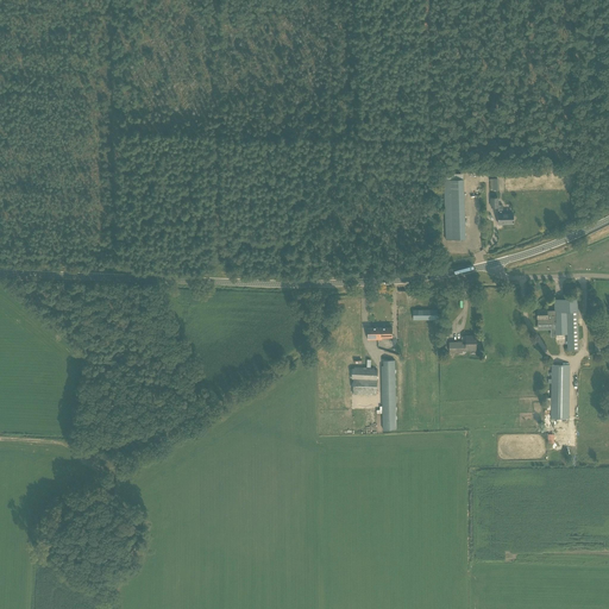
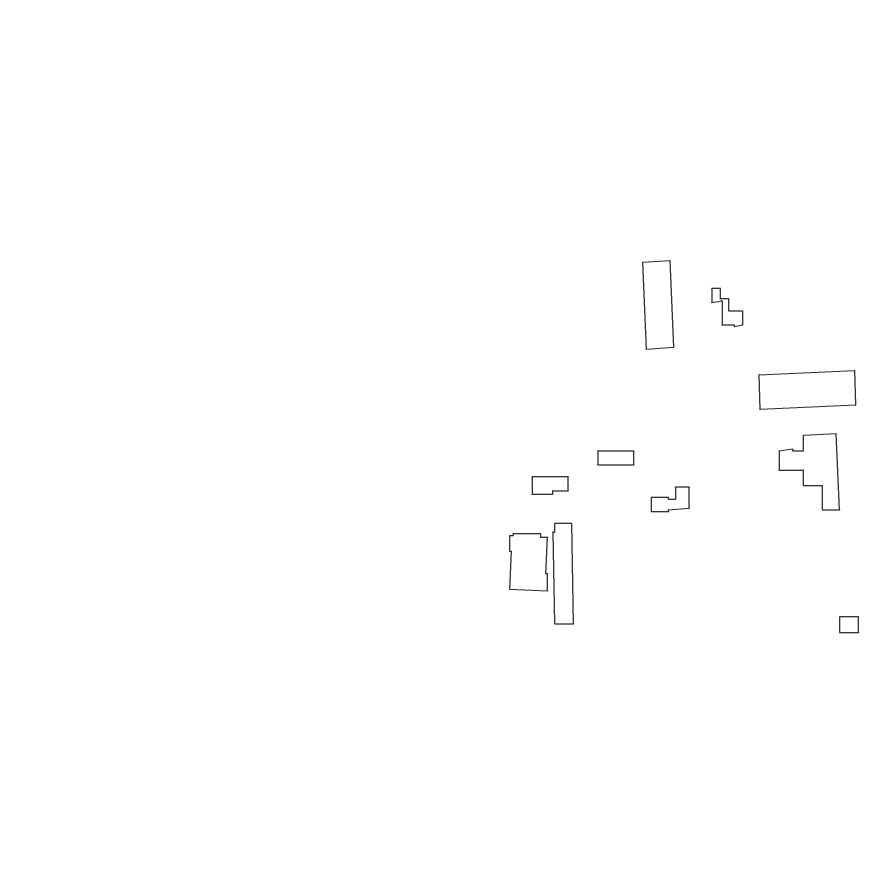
building: none -> [759,370,855,410]
building: [547,365,569,419] -> none

